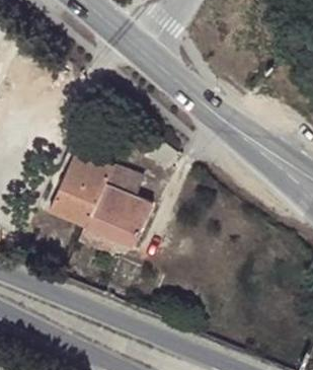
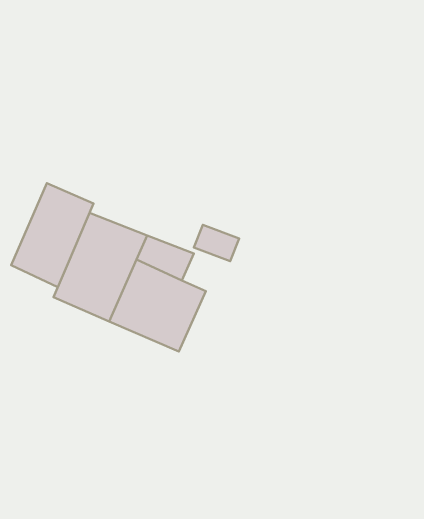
building: none -> [11,183,94,287]

